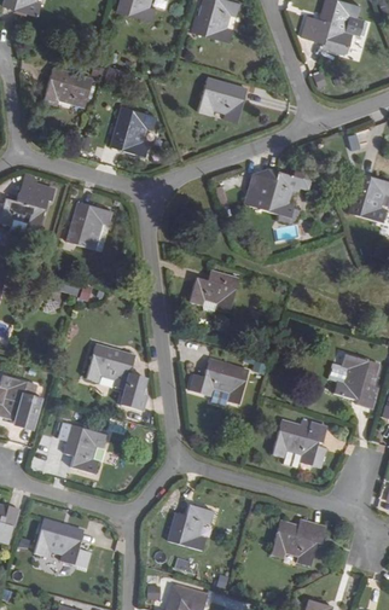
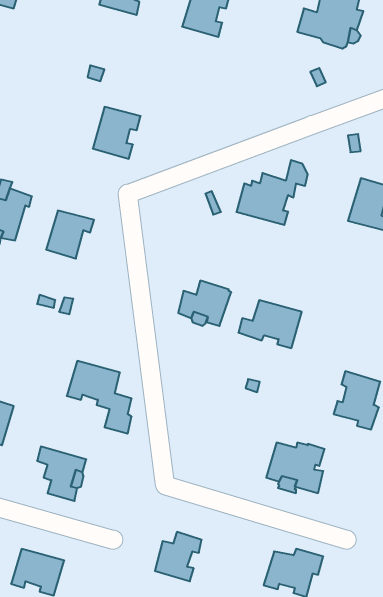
building: [43,66,89,105] -> none
building: [197,76,245,121] -> none
building: [190,358,249,402] -> [238,300,302,348]

